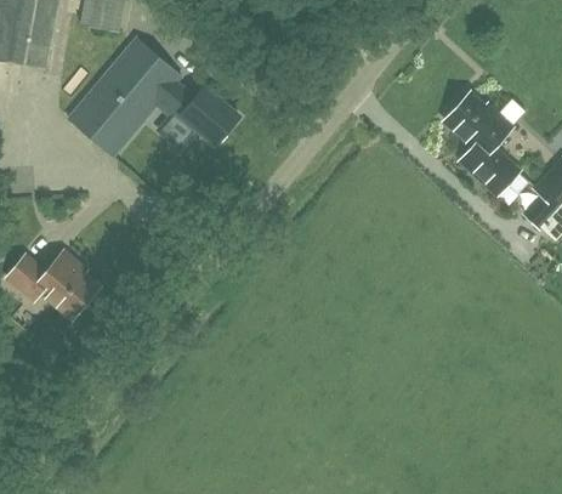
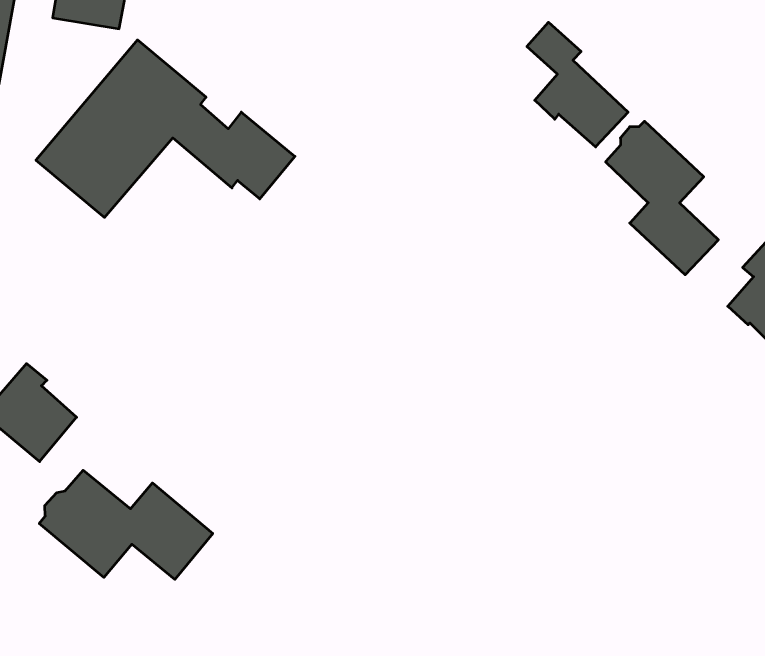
building: none -> [527,22,628,147]
building: none -> [39,470,213,579]

